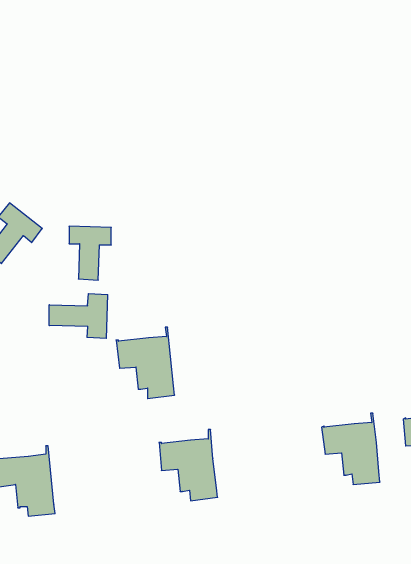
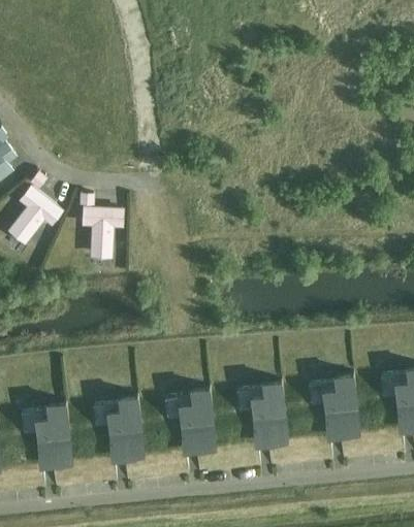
building: [49,294,108,338] -> none
building: [116,327,175,399] -> [92,393,144,456]
building: none -> [236,378,287,441]

